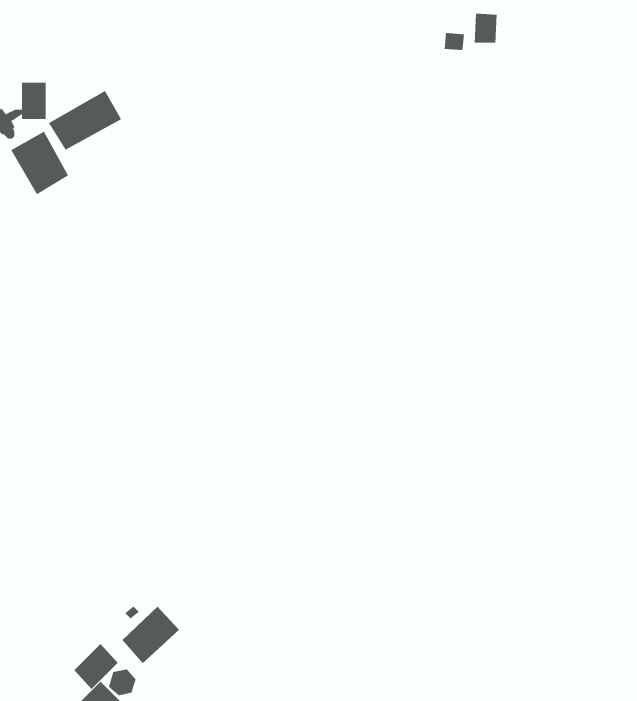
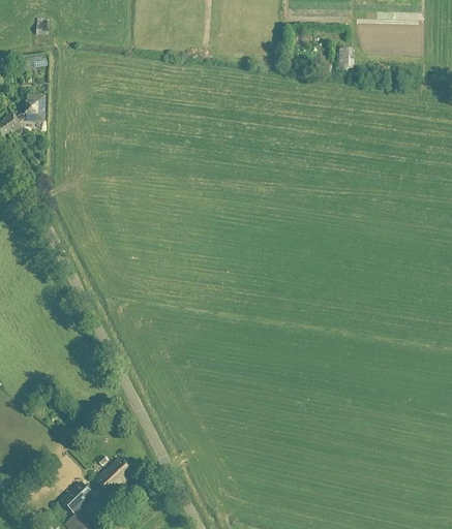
building: [48,90,122,151] -> none
building: [11,131,69,195] -> none

